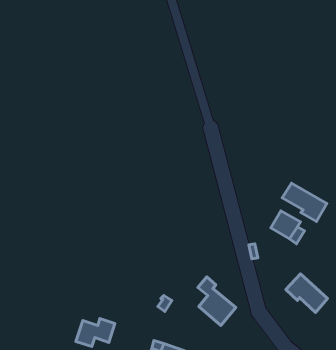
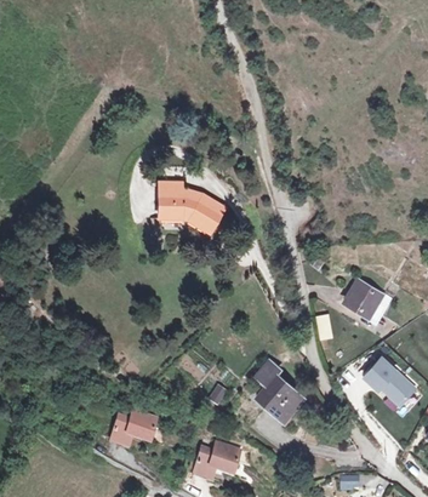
building: none -> [159,183,223,236]
building: [282,183,327,222] -> none

